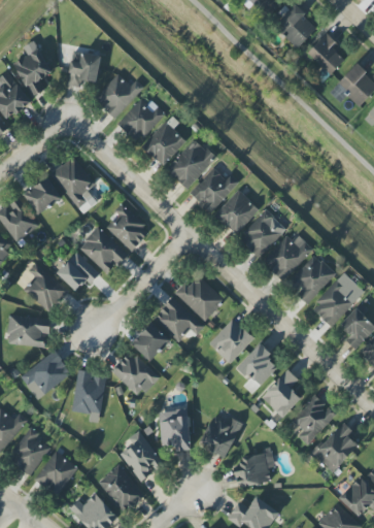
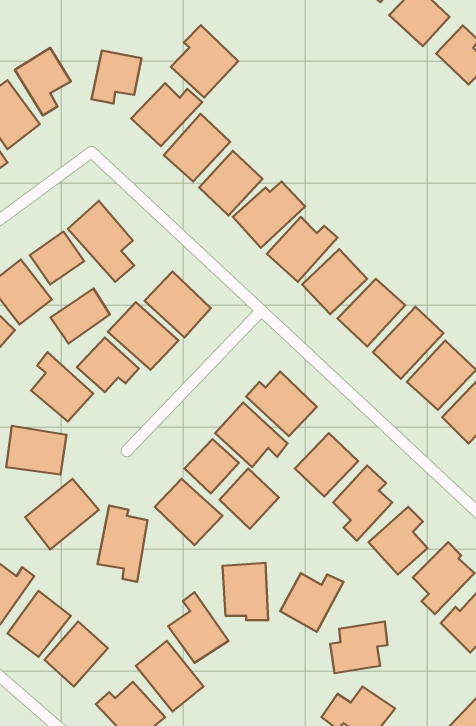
building: none -> [171,25,238,98]
building: none -> [50,289,110,343]
building: none -> [219,469,279,529]

